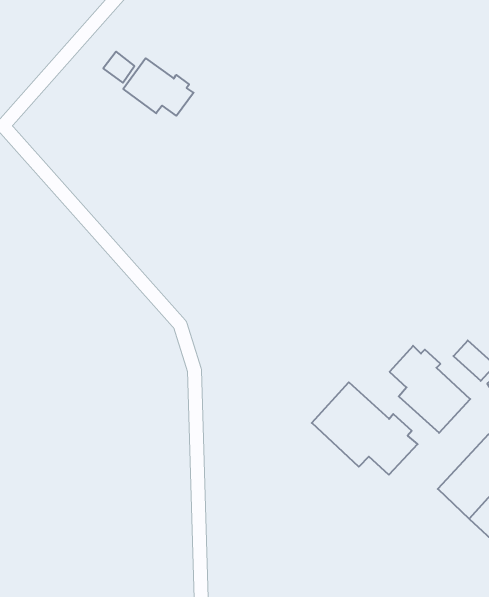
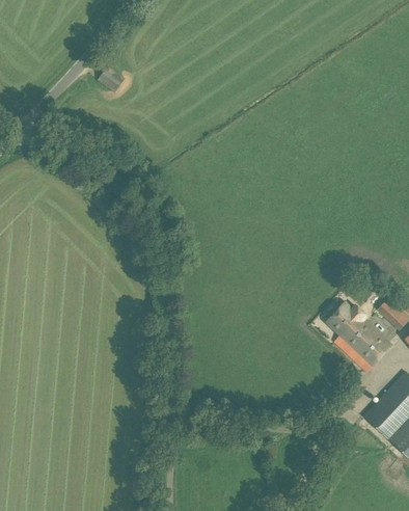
building: [123,58,194,116] -> none
building: [312,382,418,475] -> none

